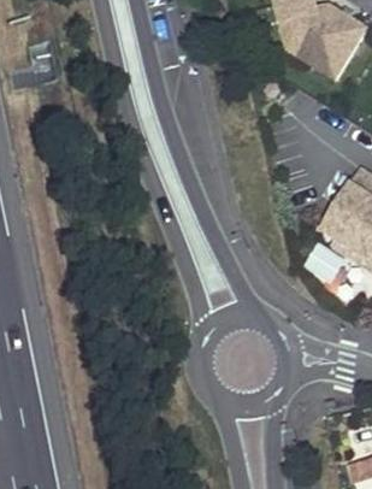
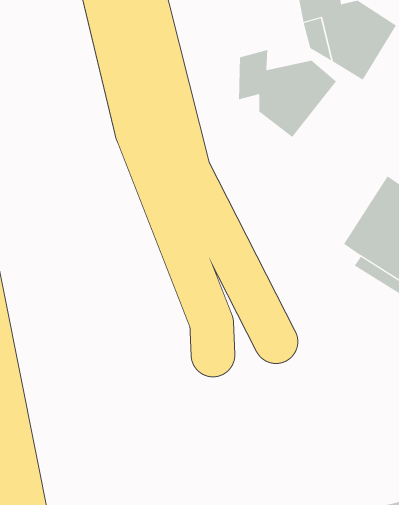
building: none -> [239,49,337,138]

